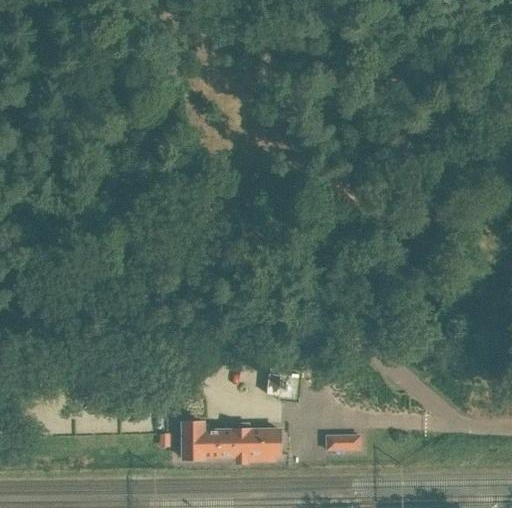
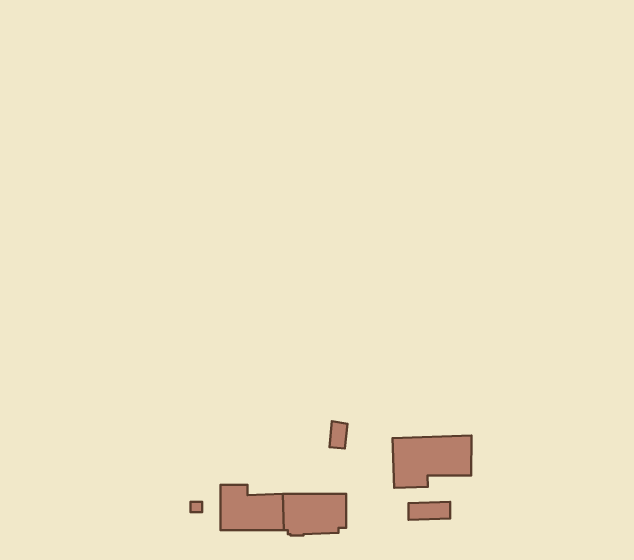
building: none -> [392,436,471,488]

